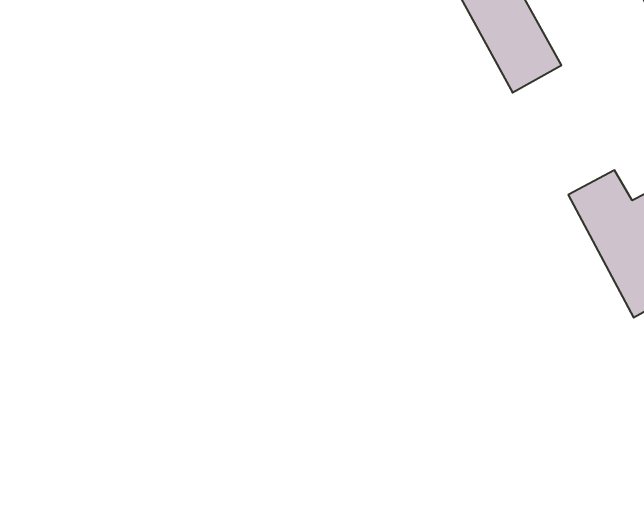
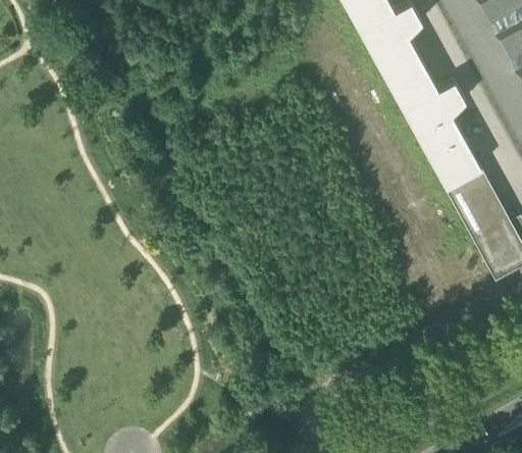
building: none -> [403,83,479,188]

